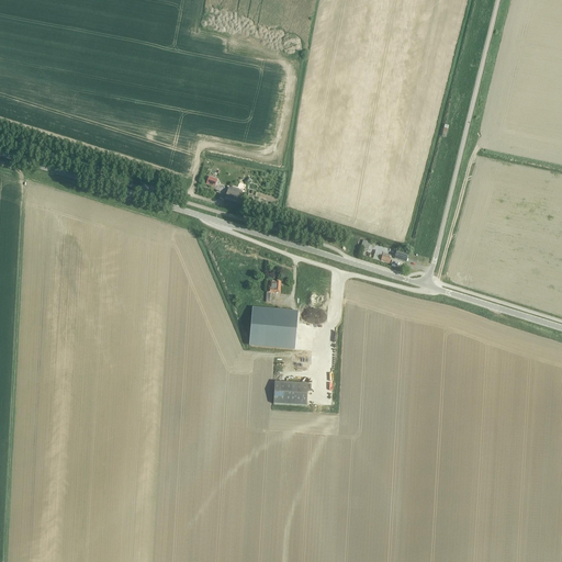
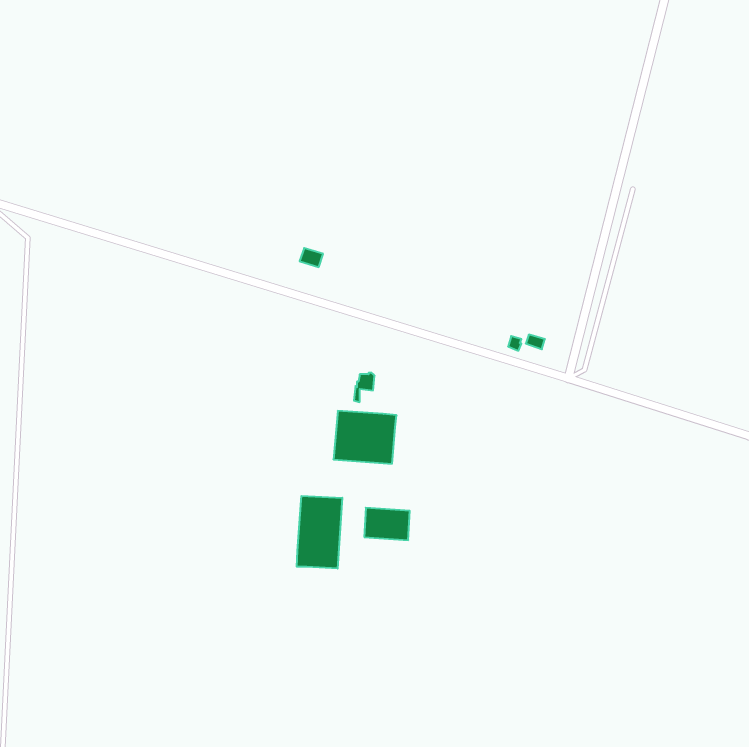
building: none -> [297,496,342,569]

